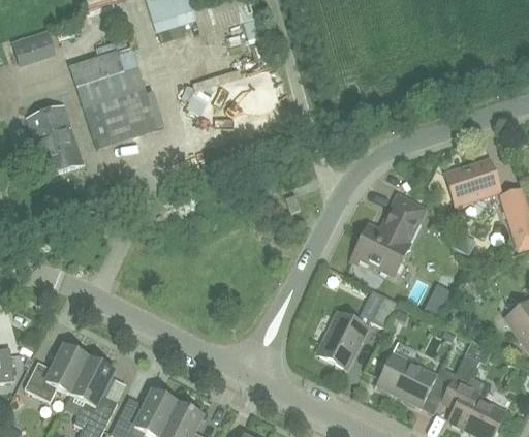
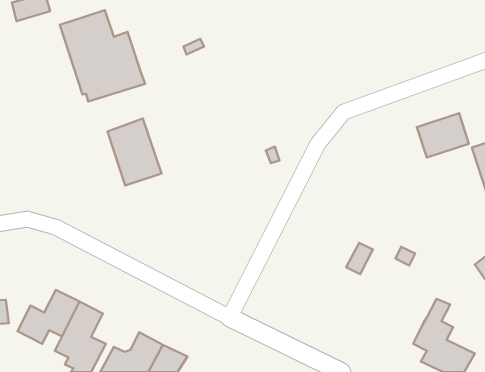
building: [27,104,84,175] -> [108,119,162,185]
building: [350,194,424,274] -> none
building: [316,311,367,368] -> none
building: [375,352,455,407] -> none

